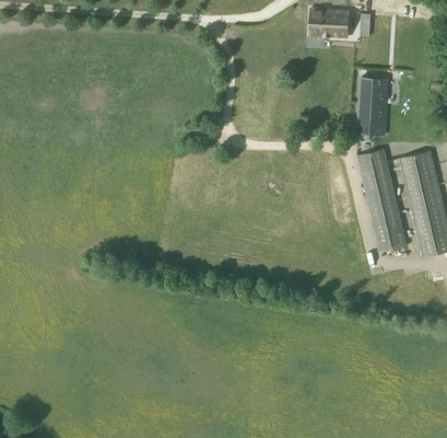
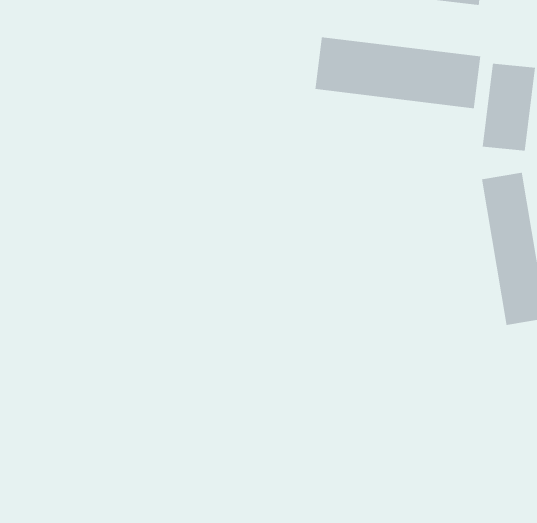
building: none -> [315,36,481,109]

